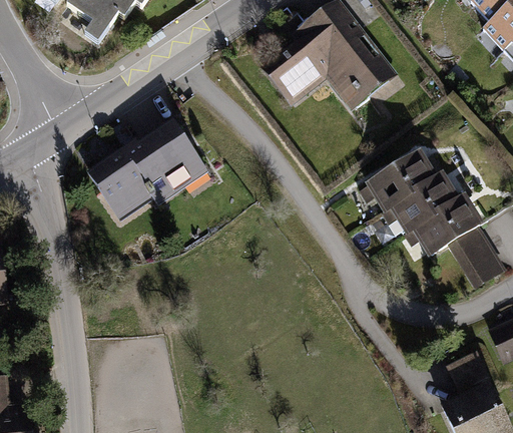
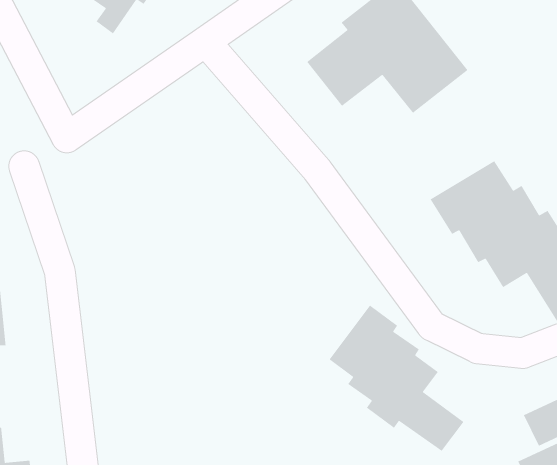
building: [85,116,207,216] -> none
building: none -> [329,305,464,452]

